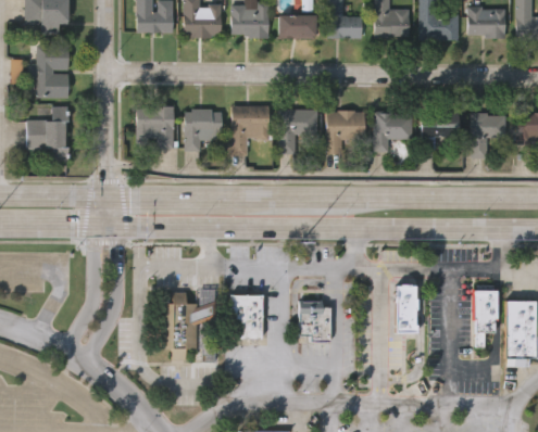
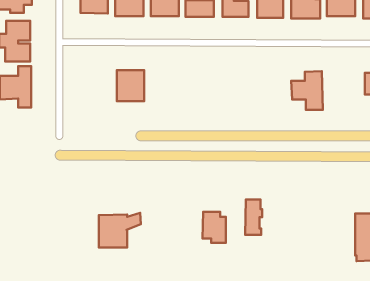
building: [230,105,268,155] -> none
building: [136,106,173,149] -> none
building: [279,109,318,154] -> none
building: [326,111,364,153] -> none
building: [374,112,412,152] -> none
building: [471,114,506,157] -> none
building: [393,287,416,334] -> [245,199,262,235]
building: [473,291,497,348] -> none
building: [233,294,264,339] -> none

